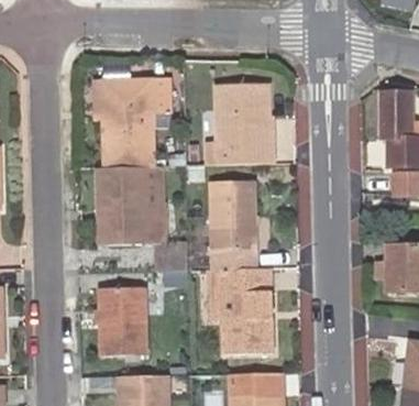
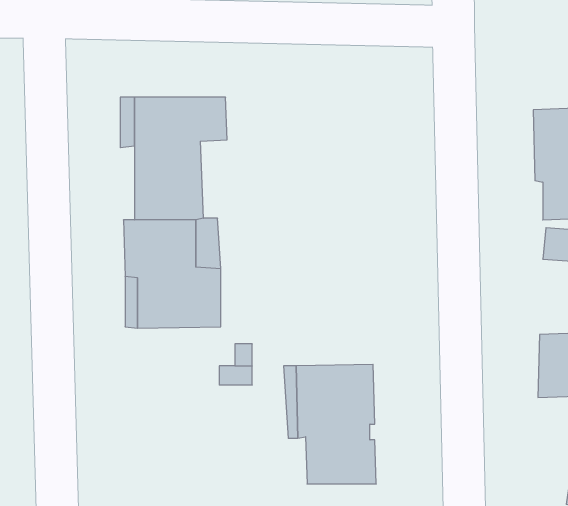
building: [206,85,268,165] -> none
building: [211,180,257,249] -> none
building: [99,287,144,353] -> none

